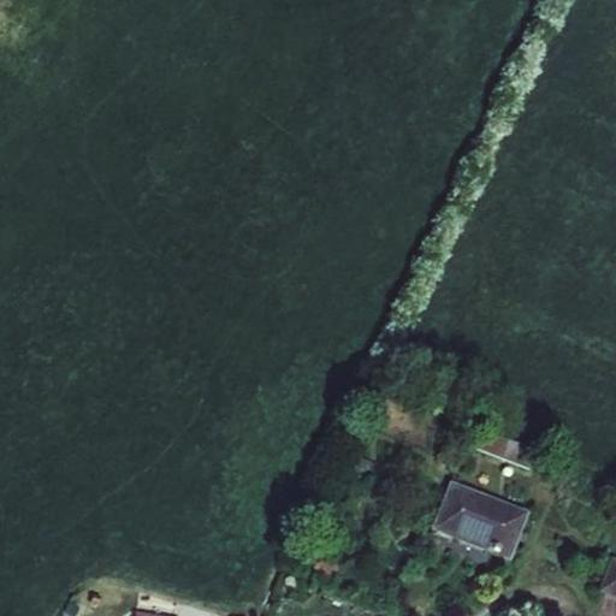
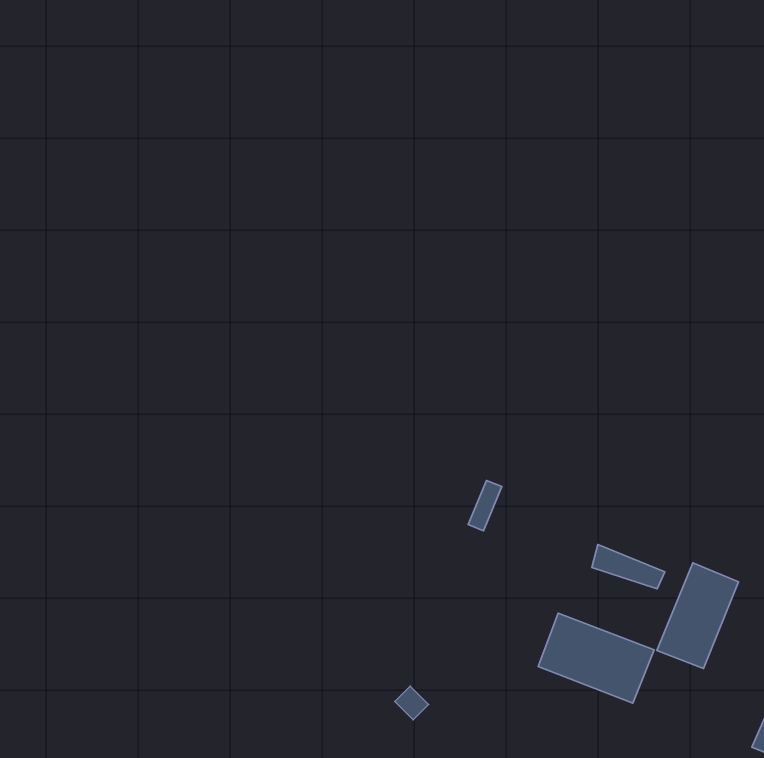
building: none -> [657,563,739,668]

